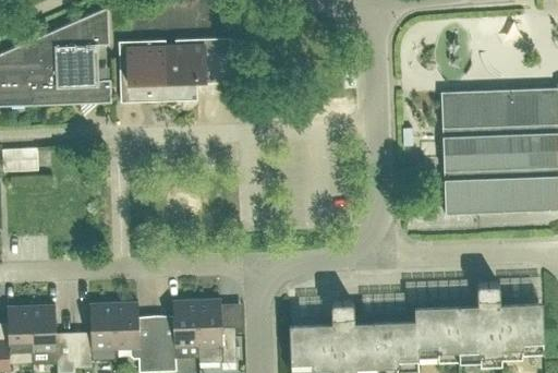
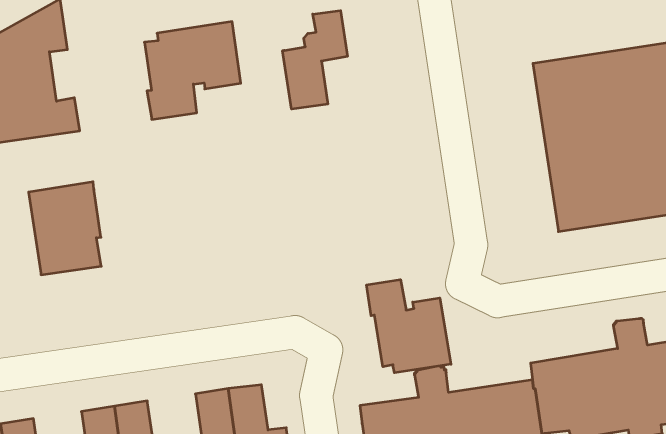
building: none -> [283,11,347,109]
building: [119,39,167,101] -> [29,182,101,275]
building: none -> [367,280,451,373]

